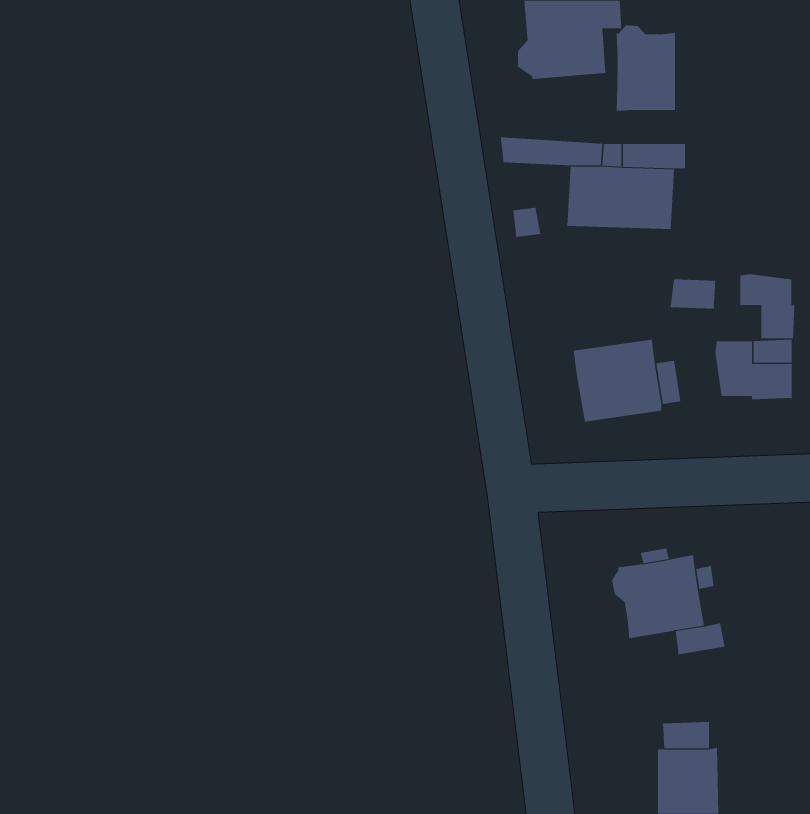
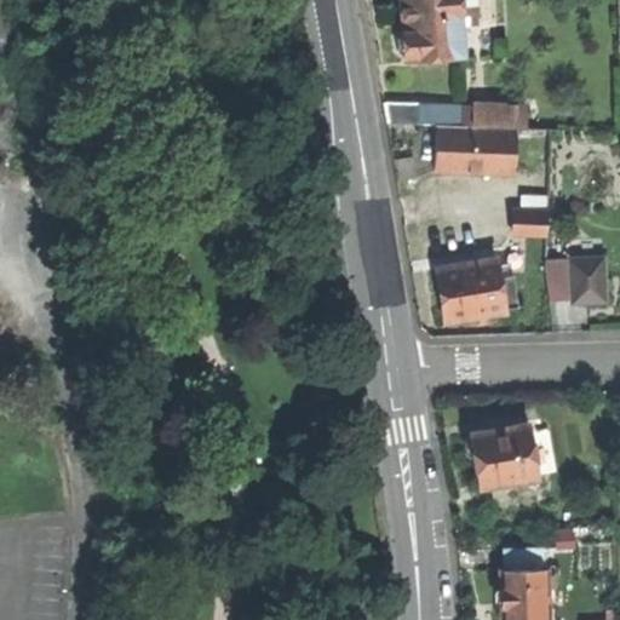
building: [616,25,676,112] -> none
building: [740,273,795,339] -> none

